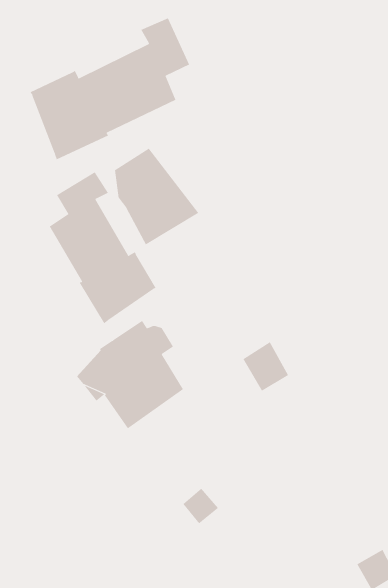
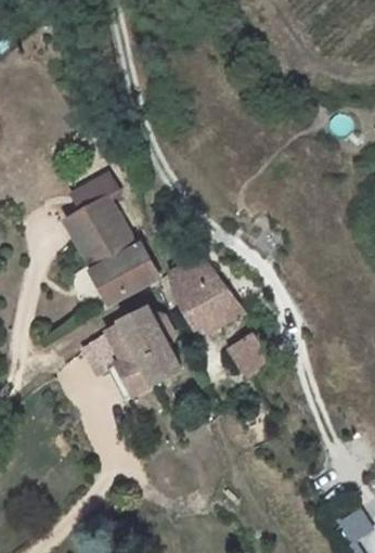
building: [30,17,190,160] -> none
building: [114,148,199,245] -> [168,248,242,333]

